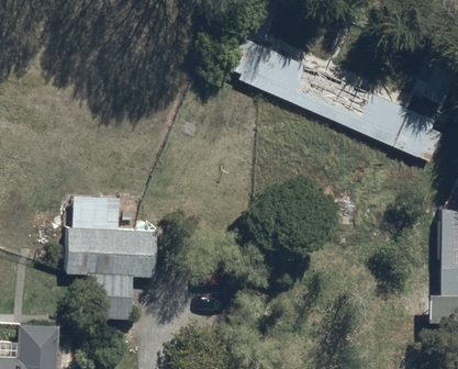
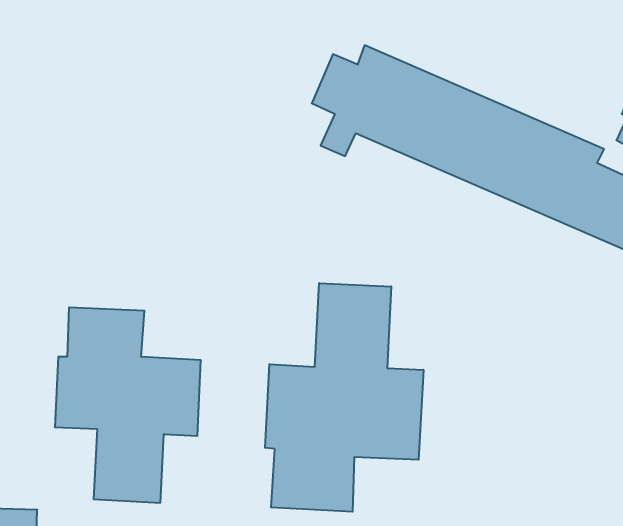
building: none -> [265,283,423,512]

